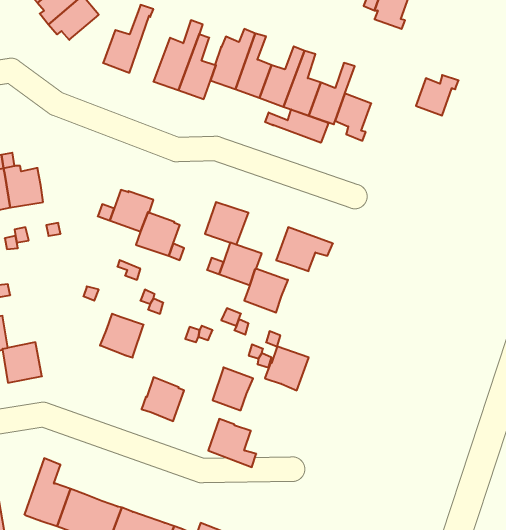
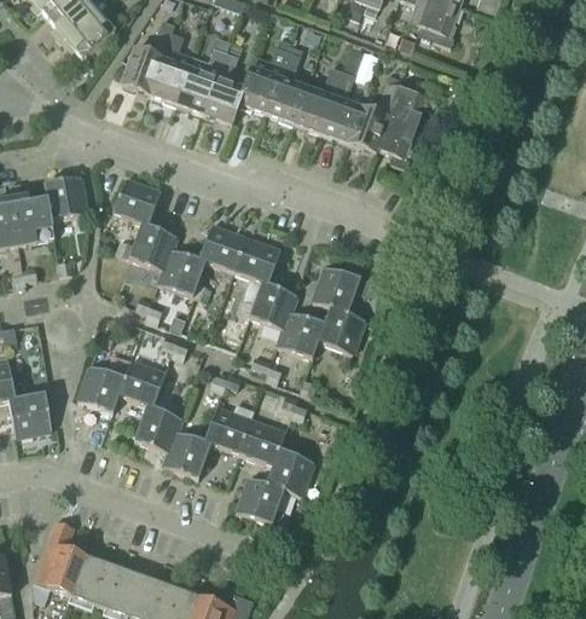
building: none -> [150,31,195,104]
building: [416,75,459,116] -> [388,83,435,128]
building: [265,109,329,143] -> none
building: none -> [43,175,87,219]
building: none -> [112,178,161,226]
building: none -> [199,225,245,272]
building: none -> [318,307,365,353]
building: none -> [77,365,124,412]
building: [265,347,309,390] -> [266,449,314,497]
building: none -> [134,406,182,452]
building: none -> [204,406,254,456]

